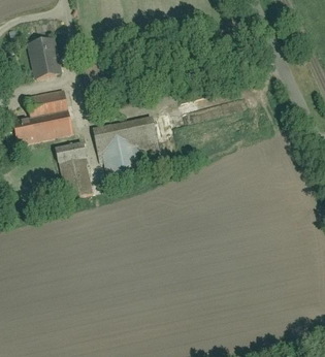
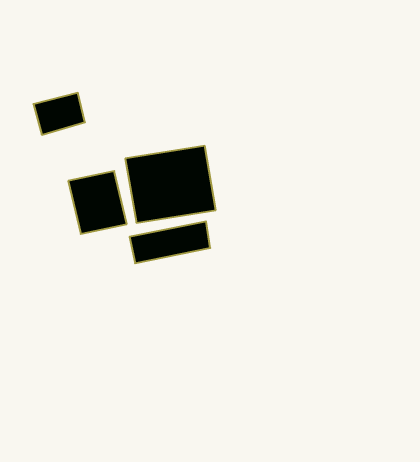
building: [31,37,61,73] -> none
building: [14,113,74,144] -> [130,221,210,263]

